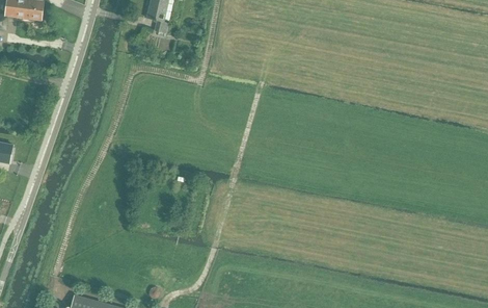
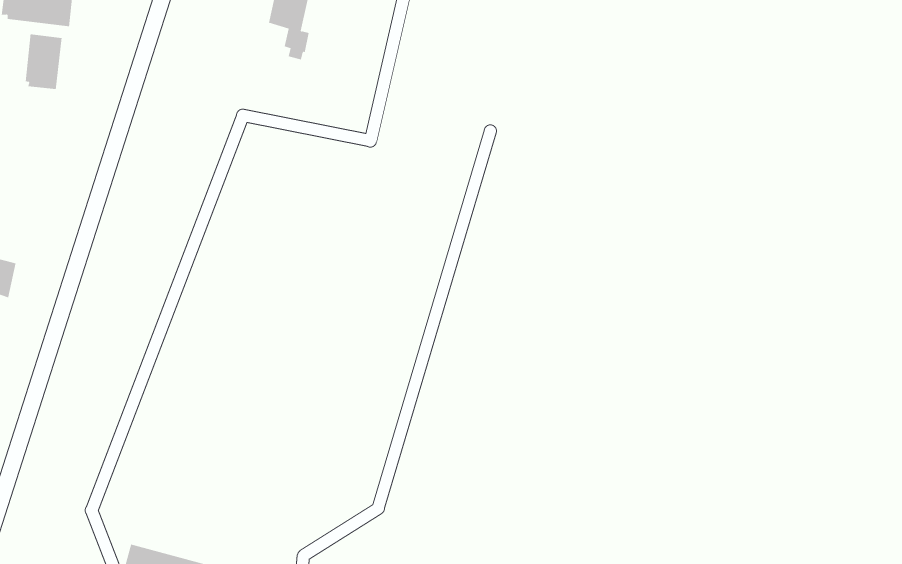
building: none -> [25,34,62,90]

